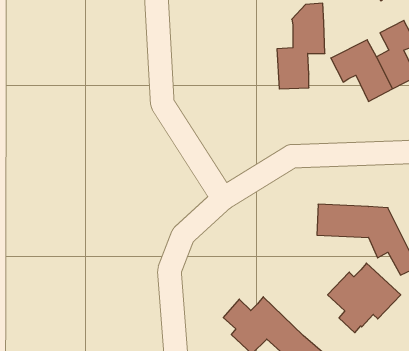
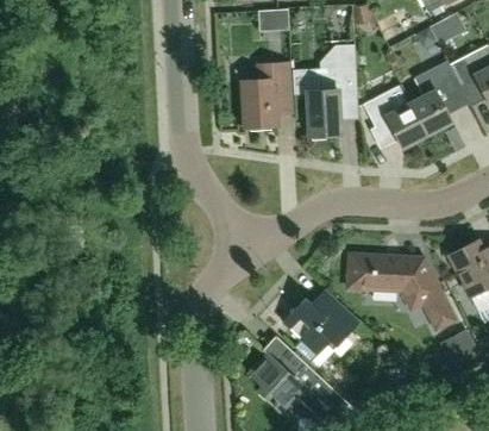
building: none -> [242,62,294,126]
building: [328,263,401,333] -> [283,289,359,362]

